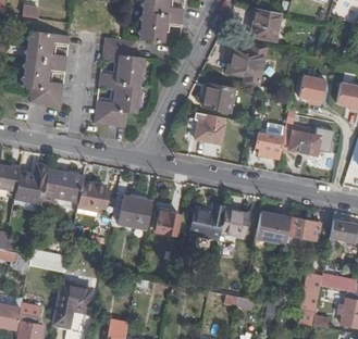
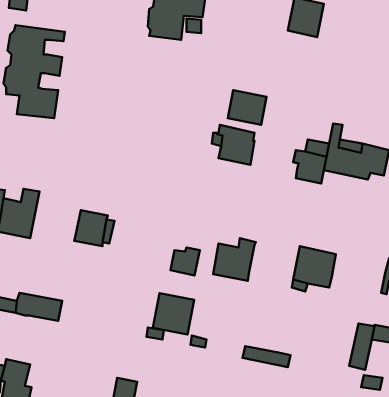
building: [95,37,146,127] -> none
building: [229,43,267,86] -> none
building: [298,76,325,106] -> none
building: [41,168,84,203] -> none
building: [119,196,152,229] -> [153,293,194,335]
building: [220,210,249,236] -> none
building: [287,217,319,241] -> none
building: [54,284,91,326] -> none

